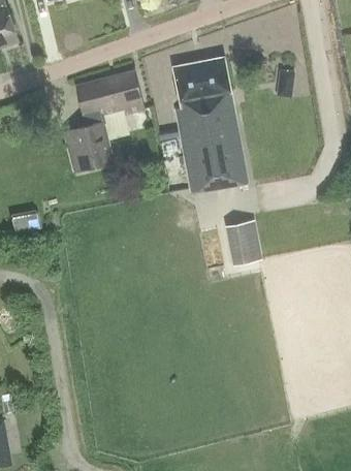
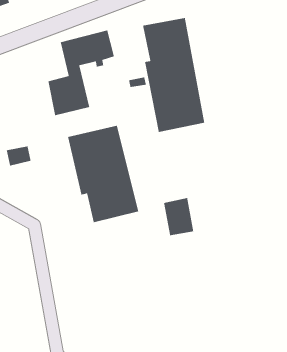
building: none -> [67,125,139,223]
building: [224,219,260,264] -> [163,197,194,236]

